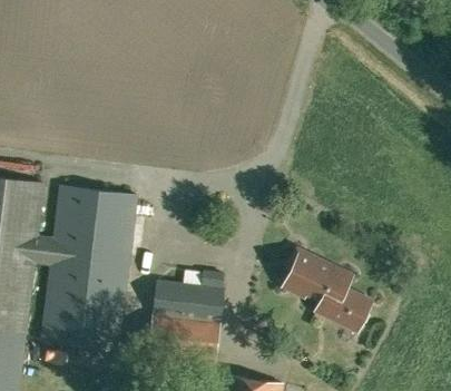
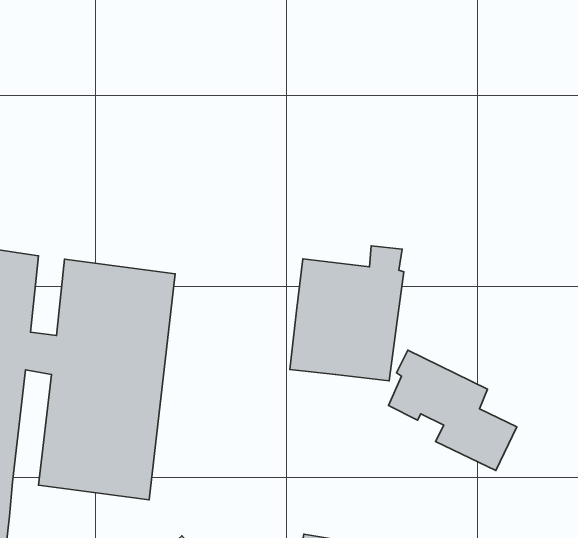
building: [145,270,223,362] -> [290,246,404,381]

